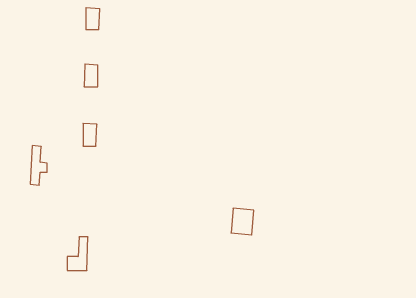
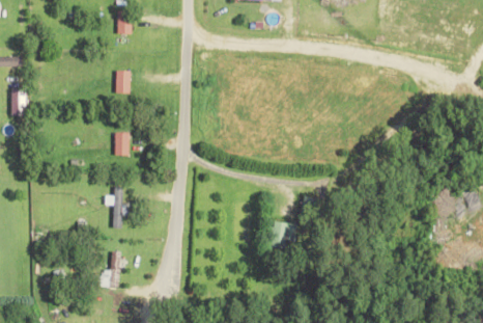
building: [30,146,47,185] -> [112,186,130,227]

